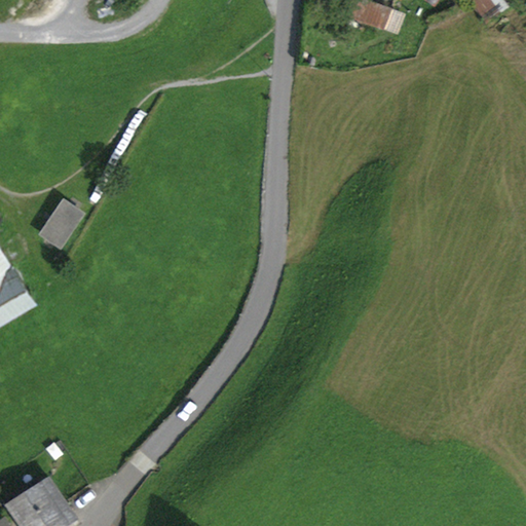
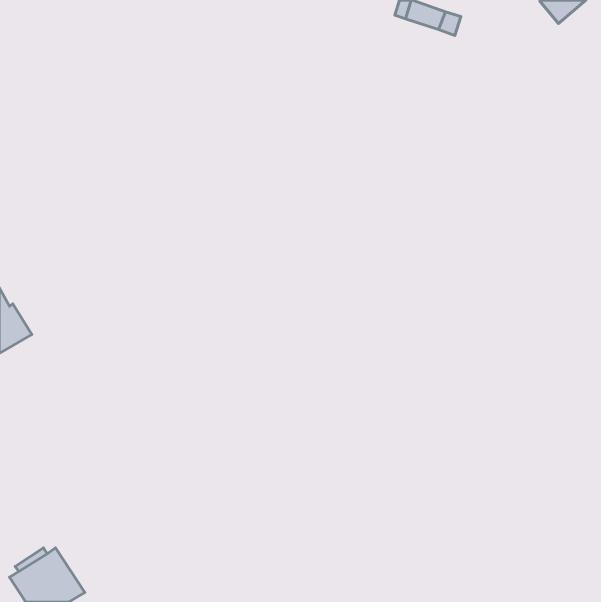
building: [39,200,81,248] -> none

